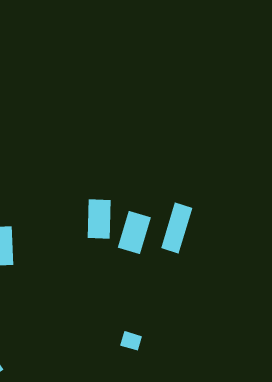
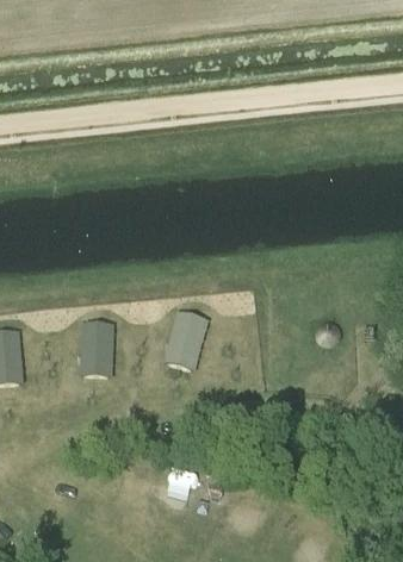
building: [87,199,111,239] -> [79,321,112,376]
building: [160,202,193,254] -> none

